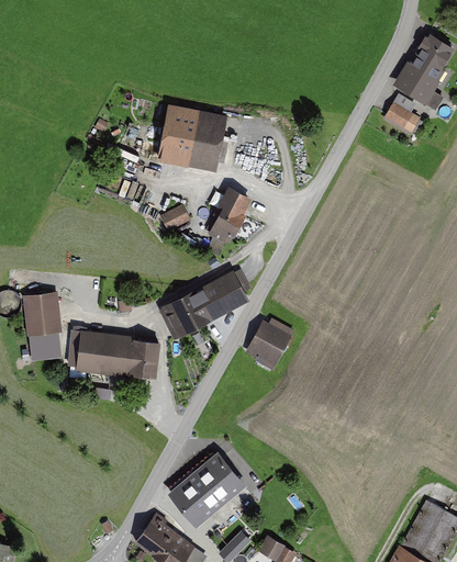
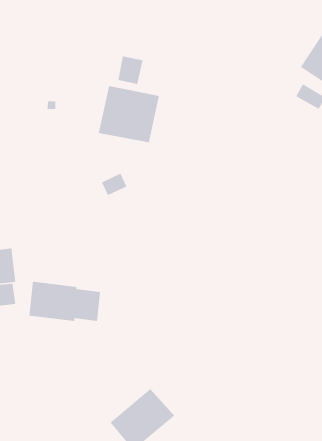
building: none -> [117,55,144,85]
building: [205,187,253,244] -> none
building: [156,274,245,339] -> none
building: [246,319,294,369] -> none

